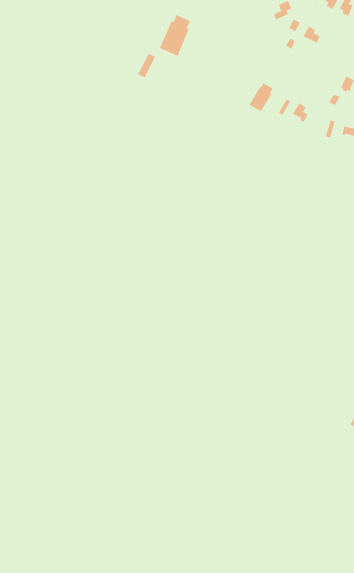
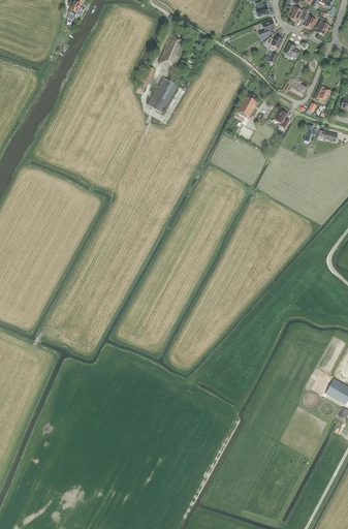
building: none -> [147,76,177,113]

